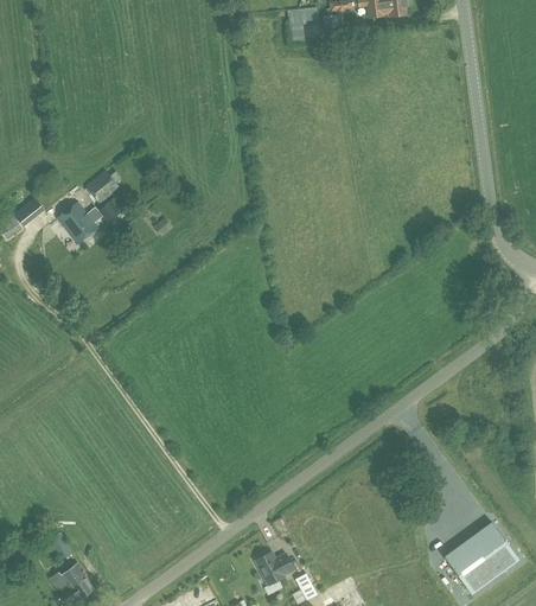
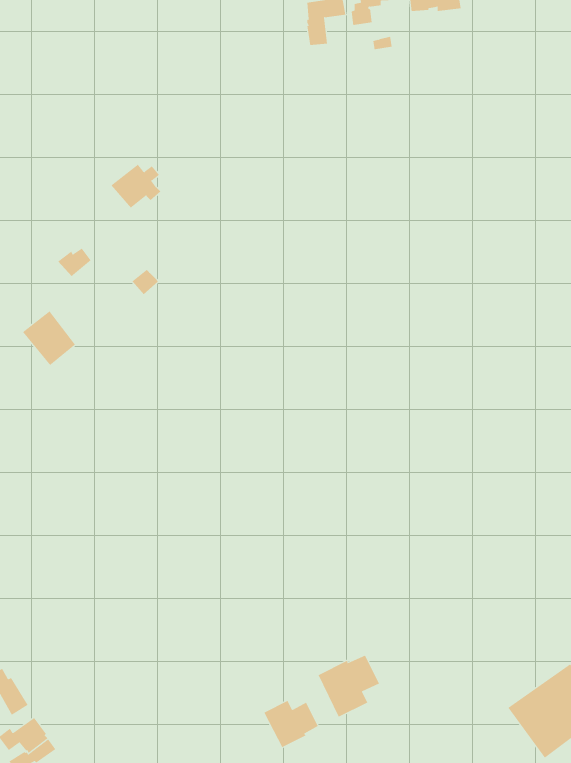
building: [84,168,123,203] -> [111,164,161,208]
building: [57,200,98,243] -> [22,311,76,366]
building: none -> [318,655,380,718]

